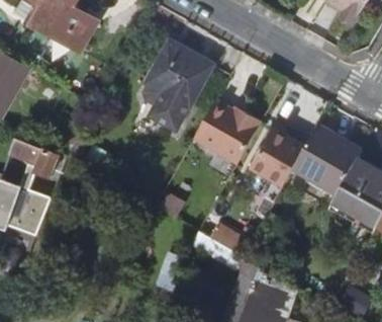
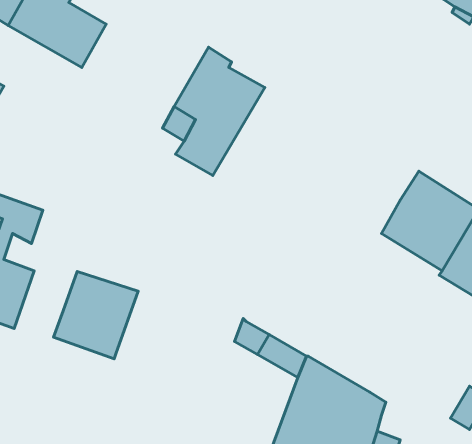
building: [192,100,261,165] -> none
building: [252,132,305,188] -> none
building: none -> [54,272,138,359]

